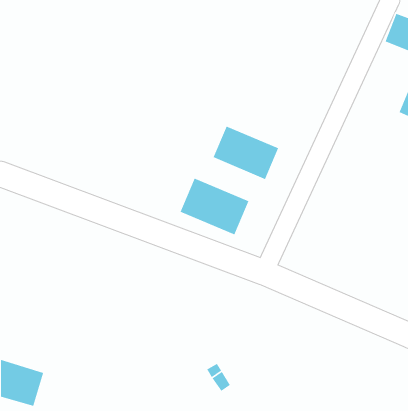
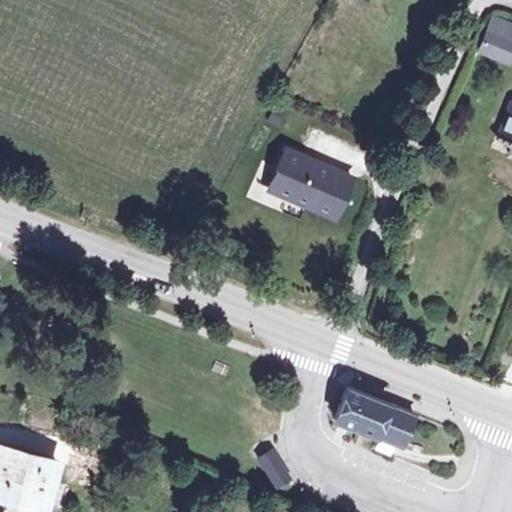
building: [180,177,249,235] -> none
building: none -> [337,387,417,447]

